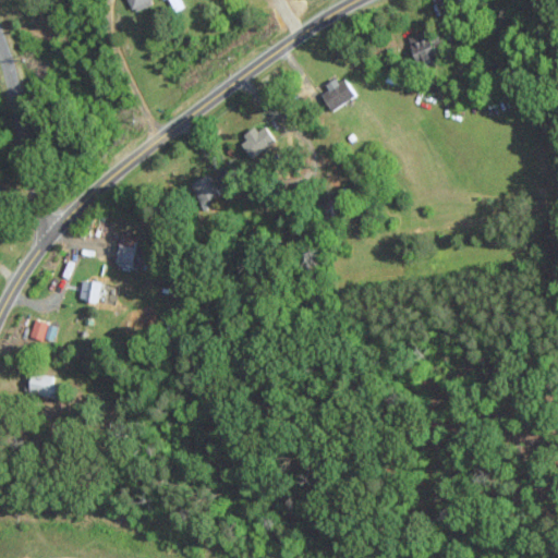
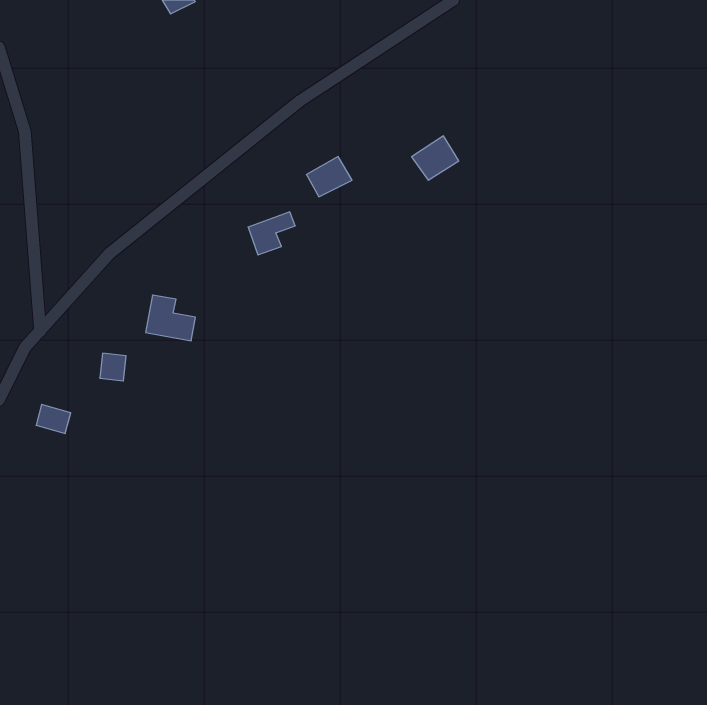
building: [409,31,435,64] -> none
building: [319,76,356,111] -> [412,136,459,180]
building: [26,373,58,399] -> none

